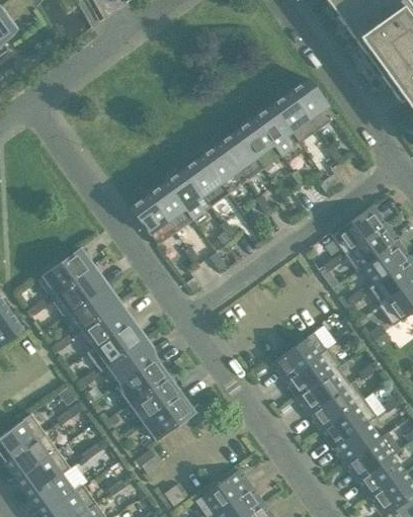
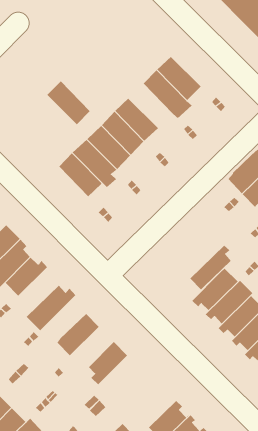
building: [290,77,336,128] -> none
building: [236,115,281,167] -> [46,81,91,125]
building: [130,192,175,244] -> none
building: [82,300,129,351] -> none
building: none -> [189,245,232,296]
building: [100,336,154,380] -> none
building: [129,374,179,417] -> none

